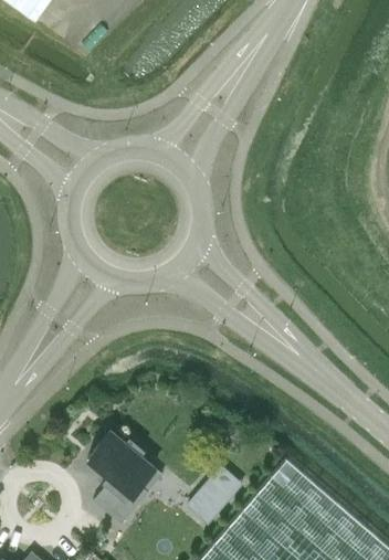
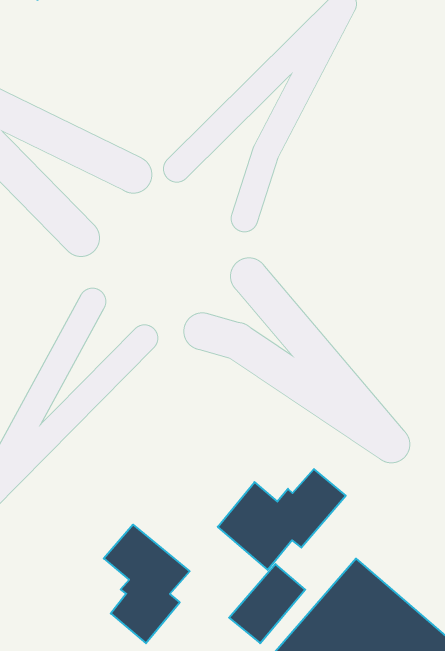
building: none -> [218,469,346,570]

